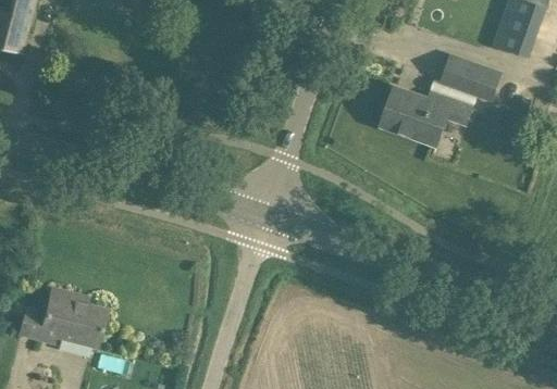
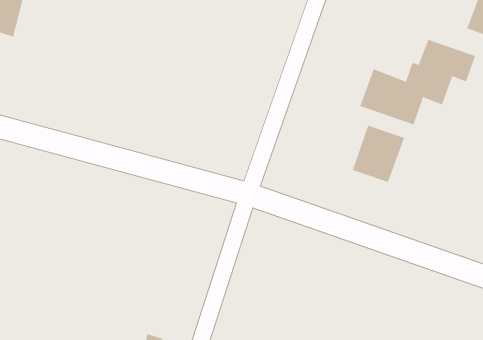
building: none -> [352,125,405,183]
building: [17,289,106,350] -> none

